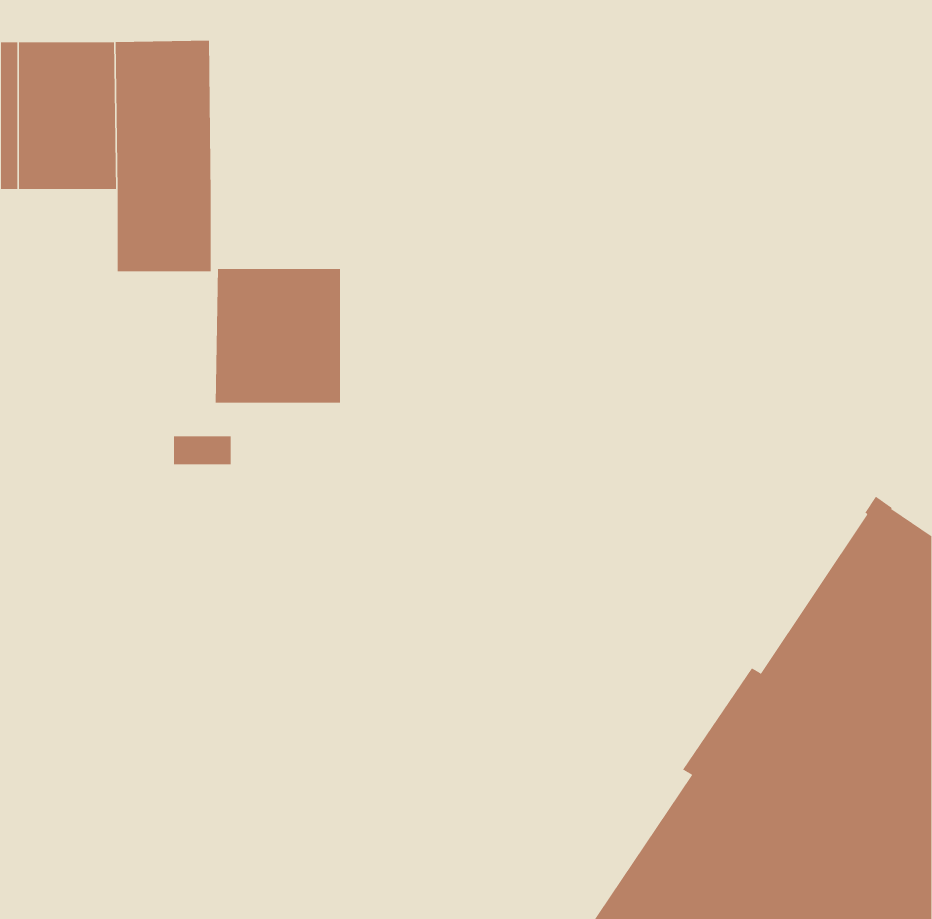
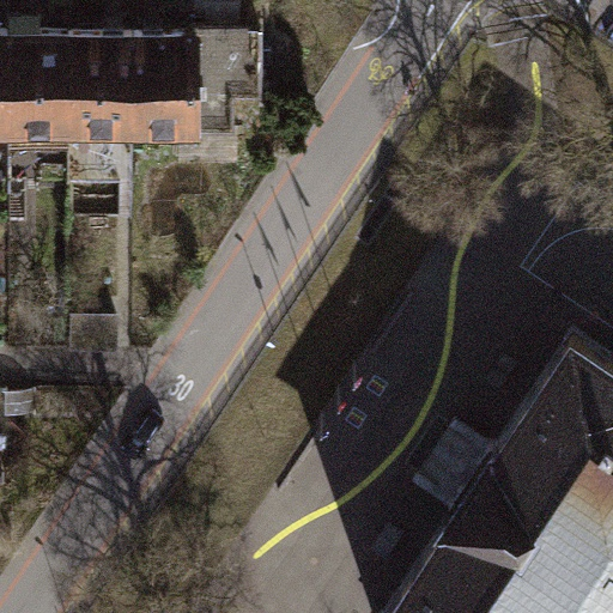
building: none -> [138,35,262,136]
building: [215,268,340,404] -> none

